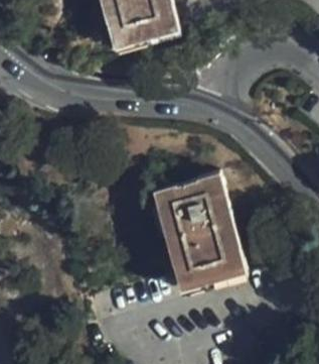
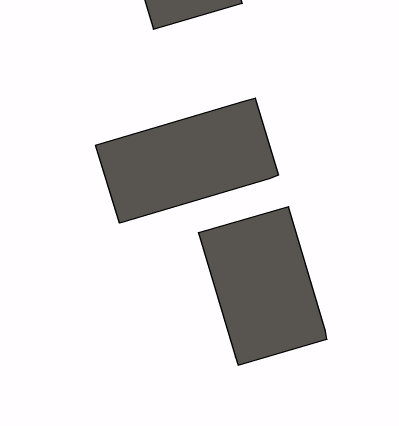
building: none -> [96,98,279,223]

